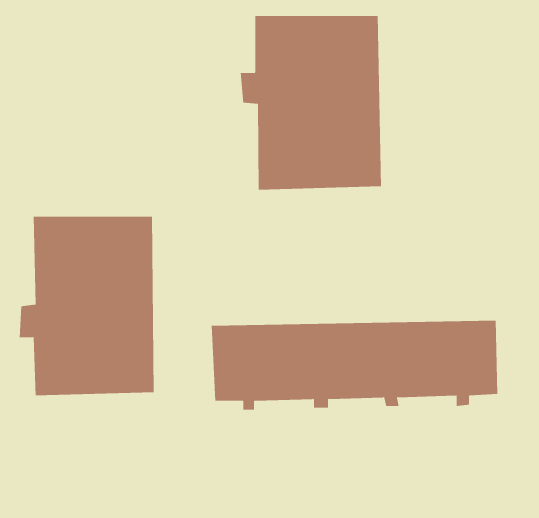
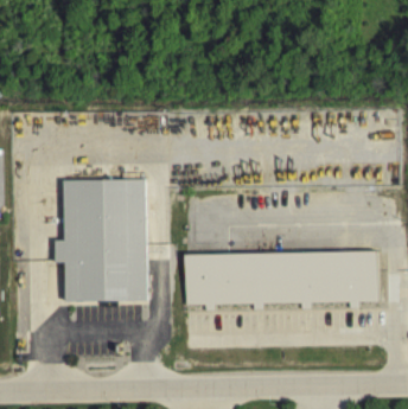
building: [240,15,381,190] -> none

